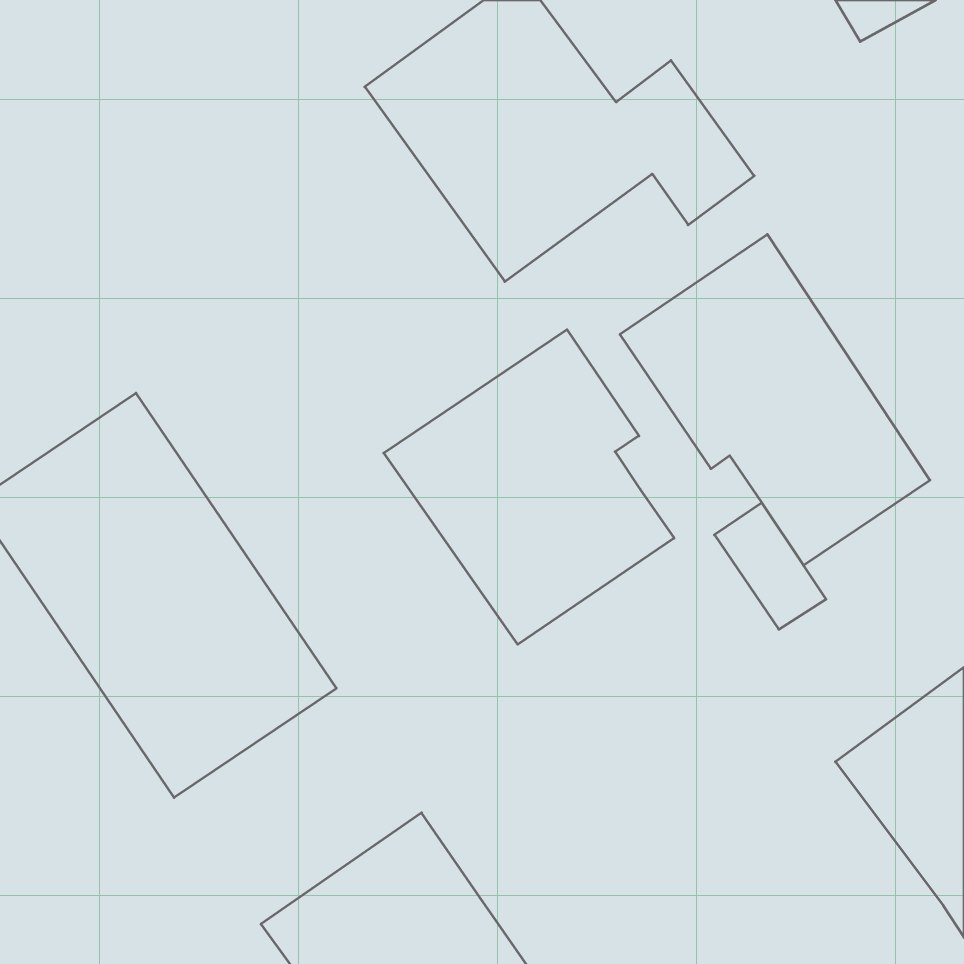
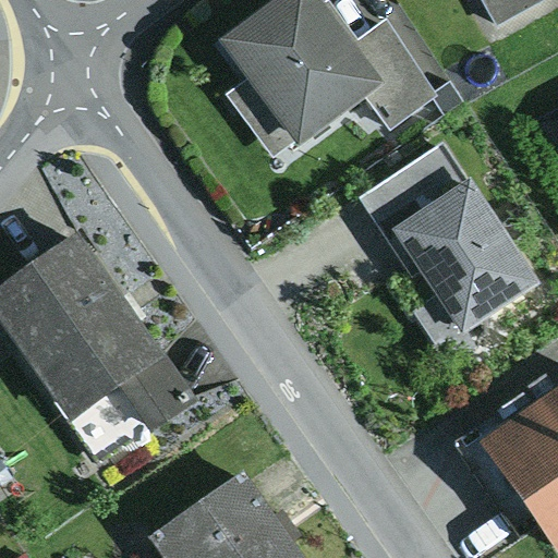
building: [384,330,674,644] -> none

